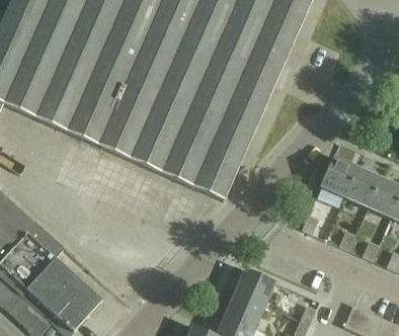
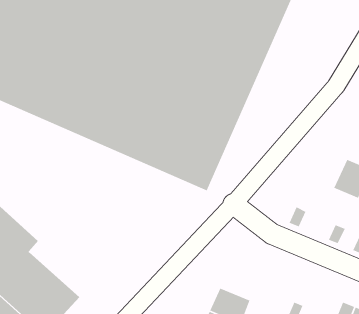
building: [321,156,357,195] -> none
building: [236,267,275,303] -> none

